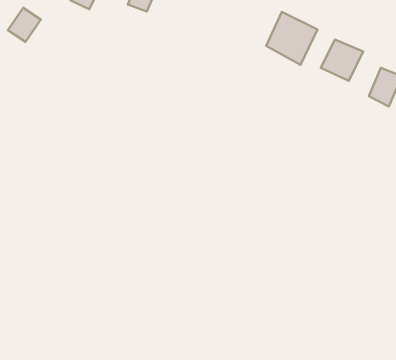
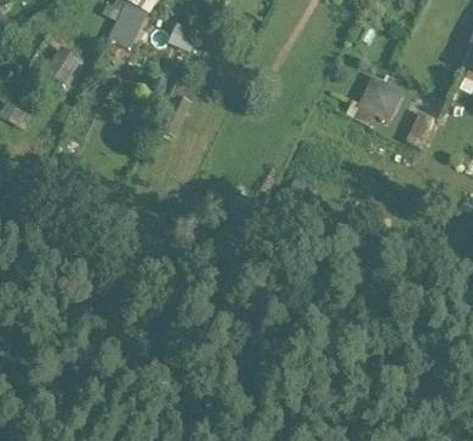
building: [266,12,317,65] -> none

